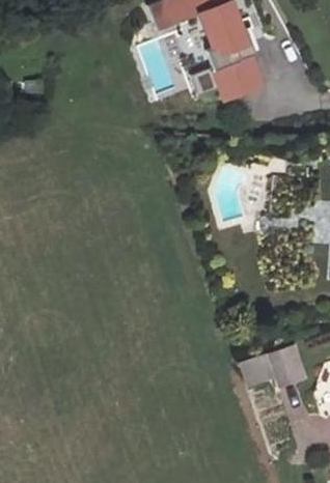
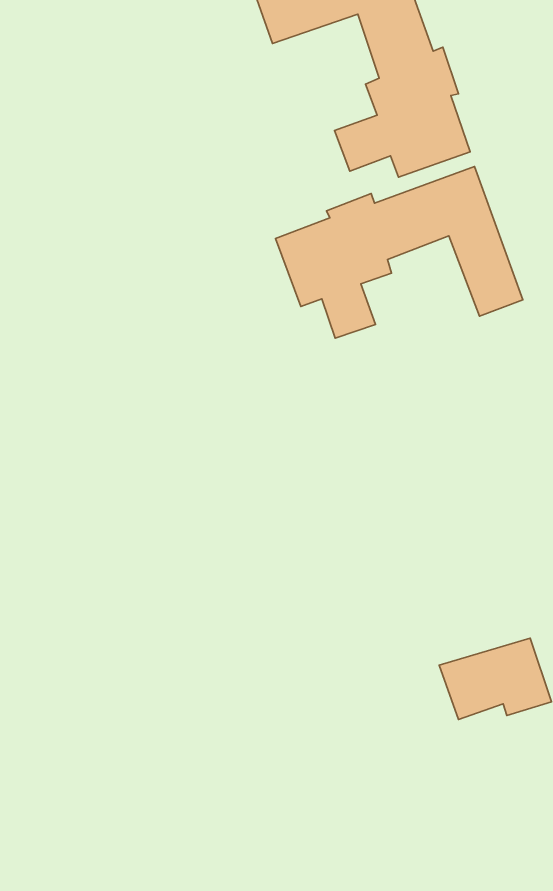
building: none -> [276,167,523,338]

